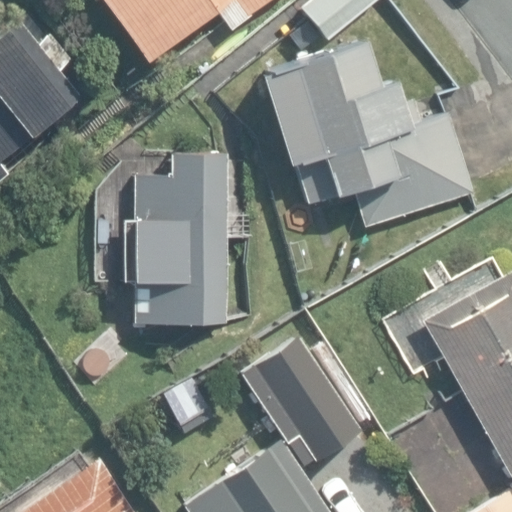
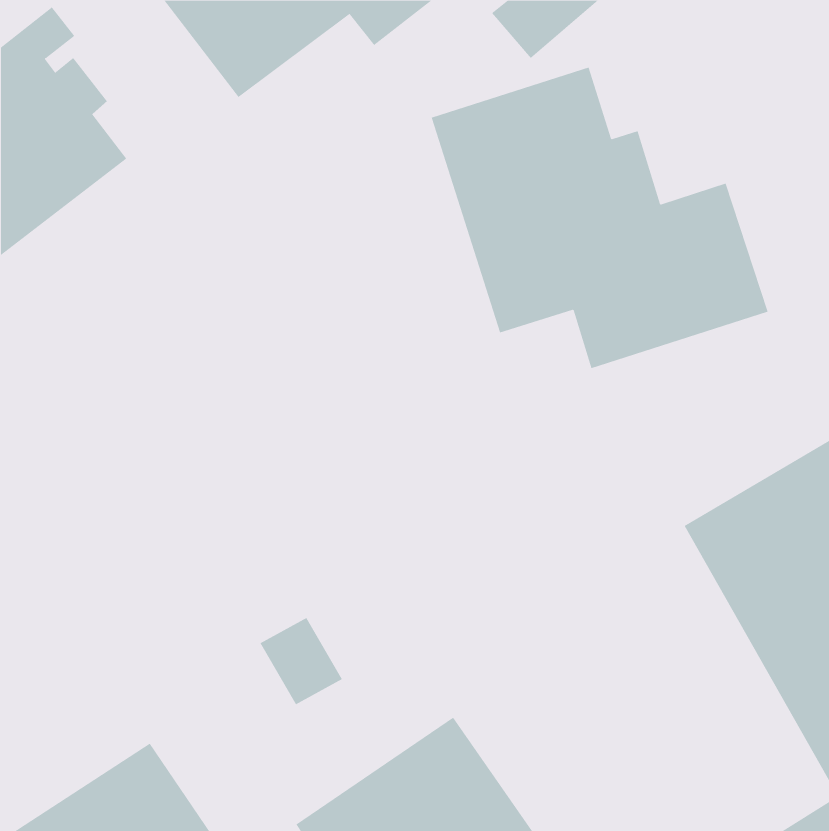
building: [125,153,228,324] -> none
building: [241,336,371,465] -> none

